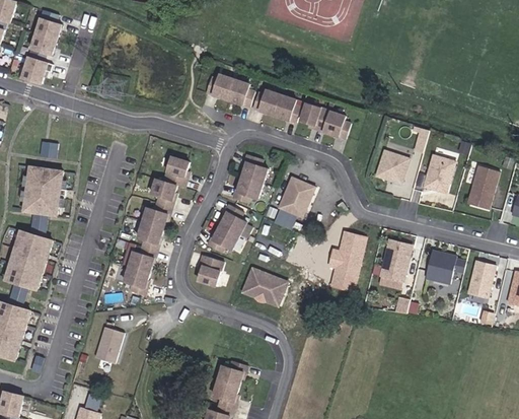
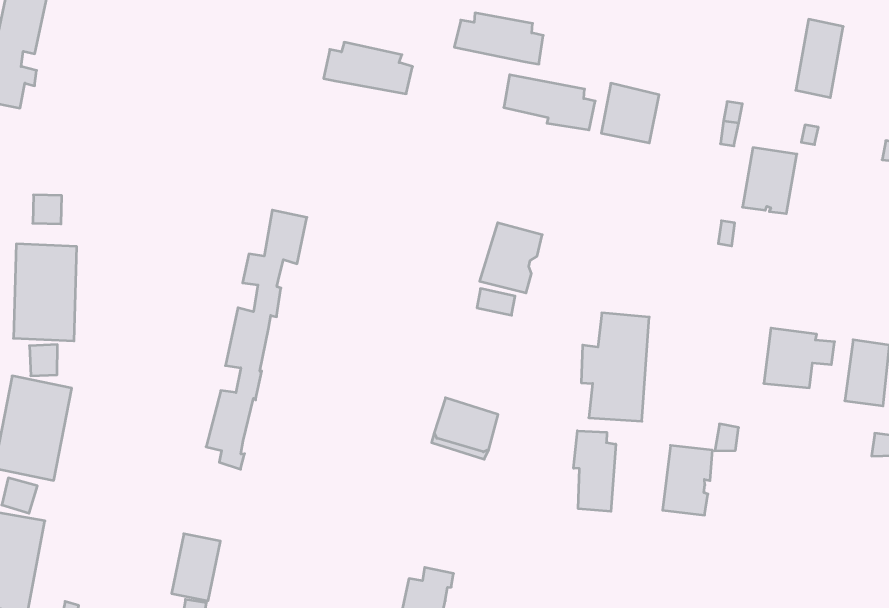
building: [252,85,301,117] -> [454,13,543,64]
building: [377,147,411,182] -> [601,83,659,143]
building: [242,156,267,204] -> none
building: [471,162,501,206] -> [796,19,843,98]
building: [214,208,250,254] -> none
building: [379,242,410,282] -> [663,445,712,515]
building: [198,255,225,285] -> none
building: none -> [574,431,616,511]

